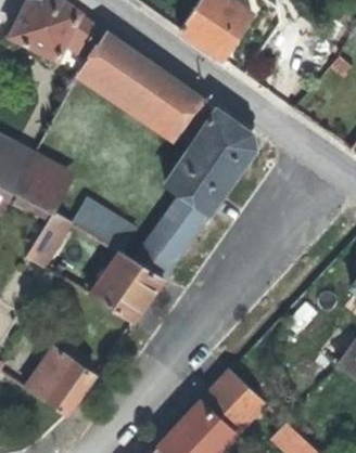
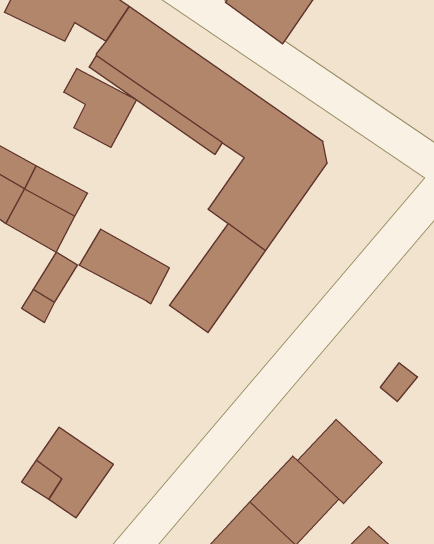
building: none -> [64,68,137,147]
building: [88,253,165,322] -> none
building: none -> [298,419,382,504]

